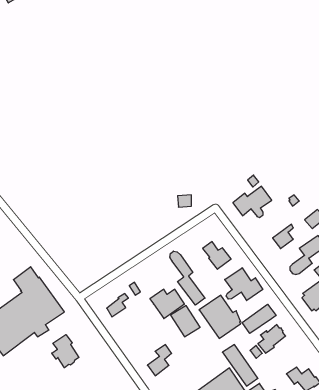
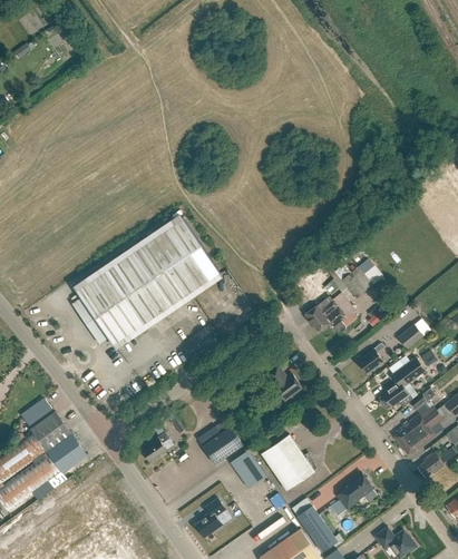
building: none -> [72,217,221,345]
building: none -> [341,266,373,298]
building: [170,251,205,305] -> none
building: [225,268,263,301] -> none
building: [242,304,276,333] -> none
building: [52,335,79,368] -> none

